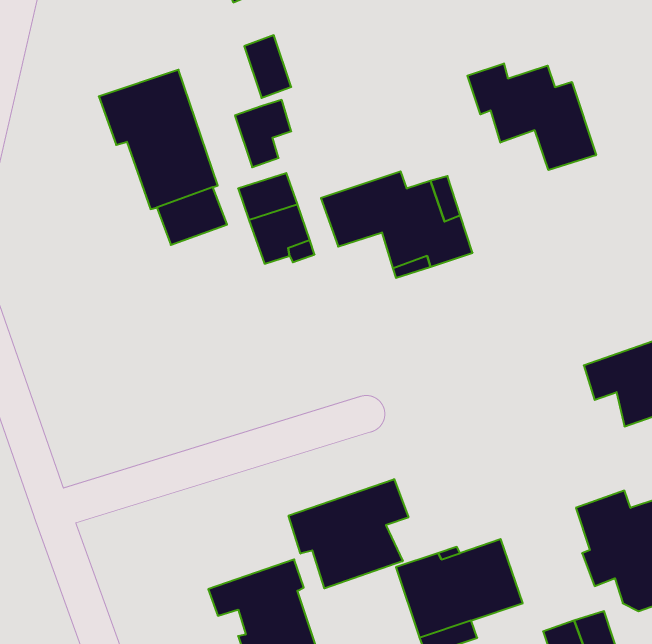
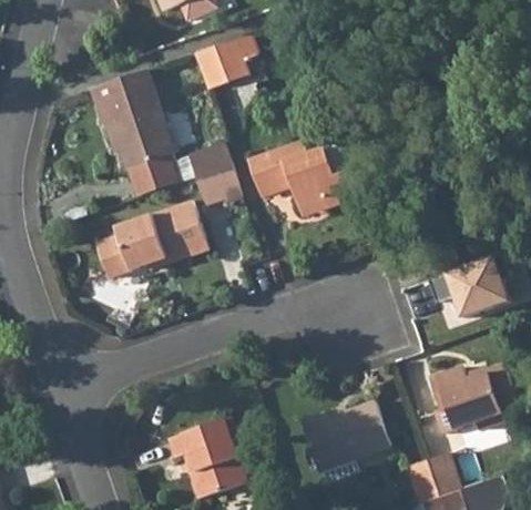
building: [467,63,596,170] -> none
building: [235,100,291,167] -> [214,33,254,81]
building: none -> [95,201,207,276]
building: [289,479,408,588] -> none

